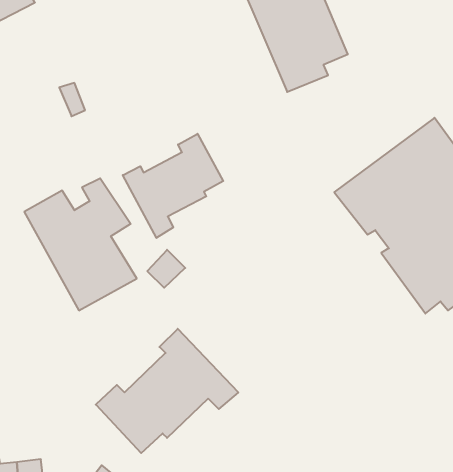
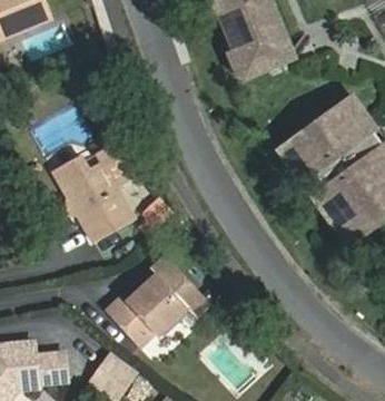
building: [123,134,223,238] -> none

